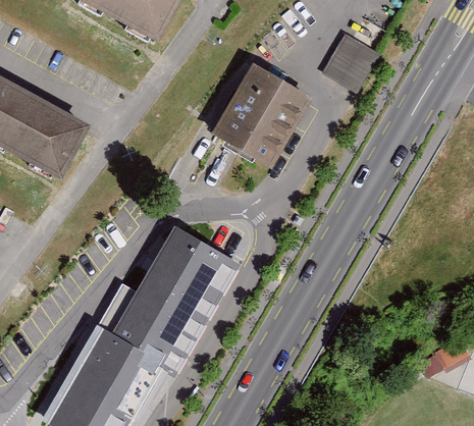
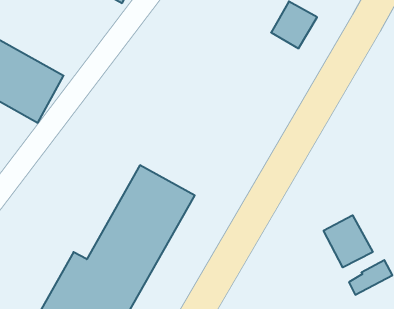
building: [217,69,306,164] -> none
building: none -> [324,215,373,267]

